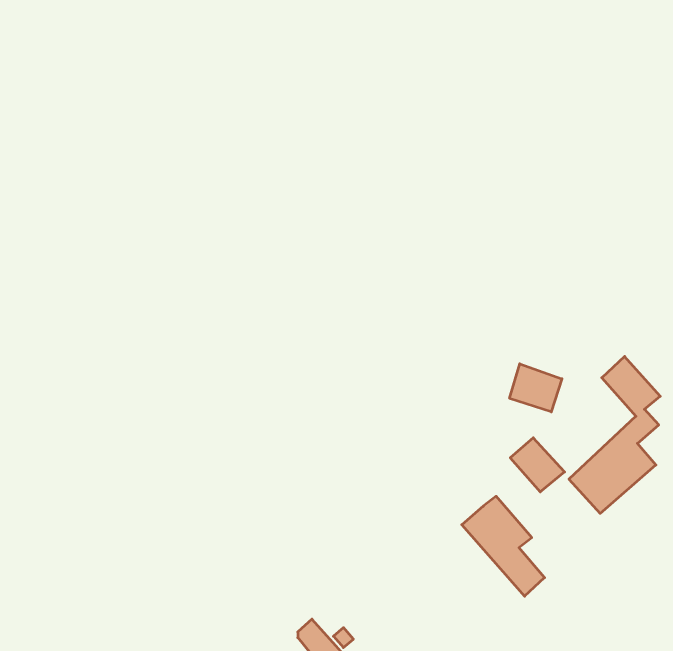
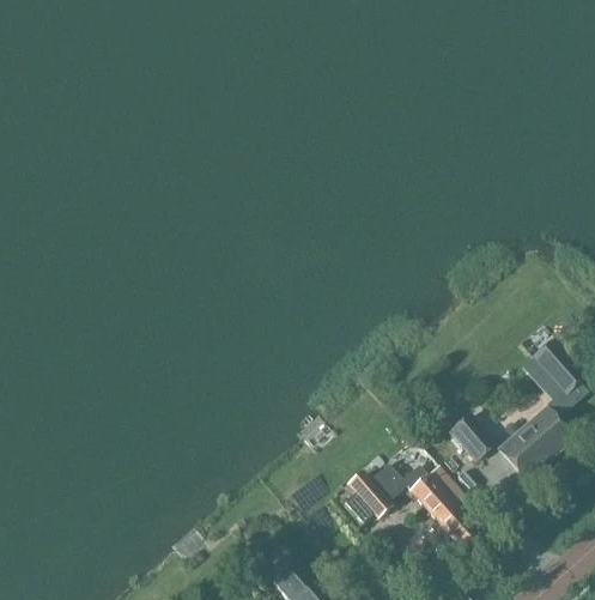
building: [510,364,562,412] -> none
building: none -> [344,461,427,521]

